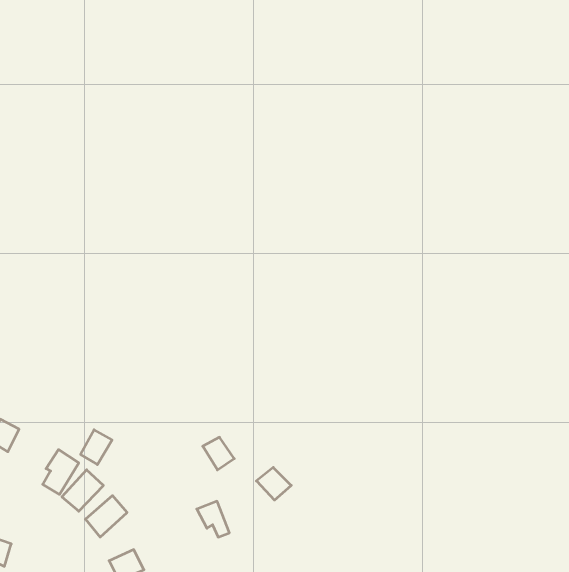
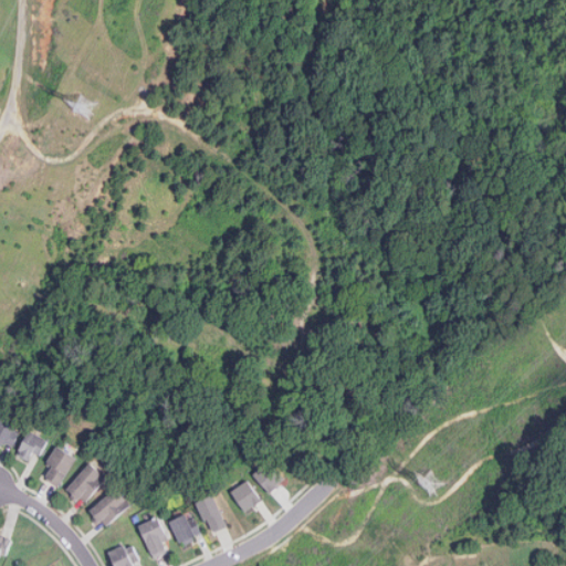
building: [81,430,112,465] -> [17,430,48,464]
building: [203,437,234,470] -> [231,481,262,513]
building: none -> [170,517,201,545]
building: none -> [138,518,170,558]

